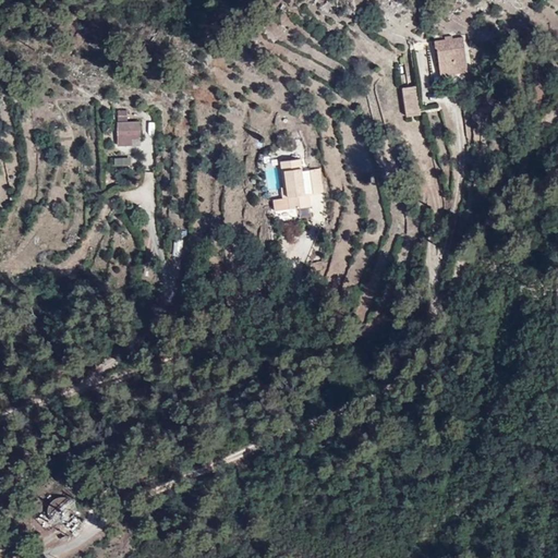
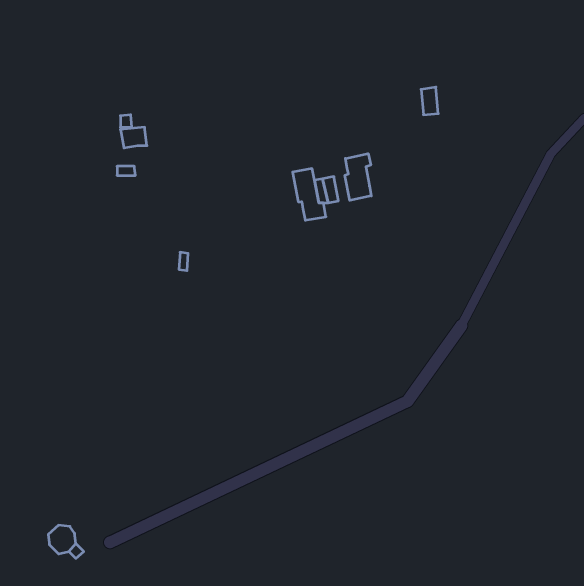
building: [434,39,466,76] -> none
building: none -> [345,154,371,200]

